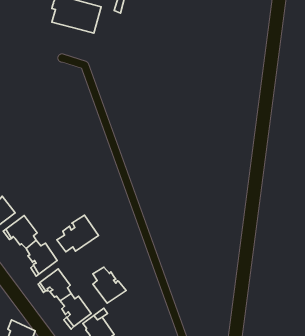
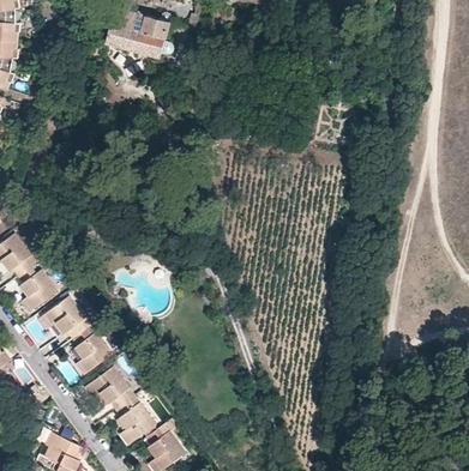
building: [57,215,98,252] -> none
building: [93,267,126,303] -> none

